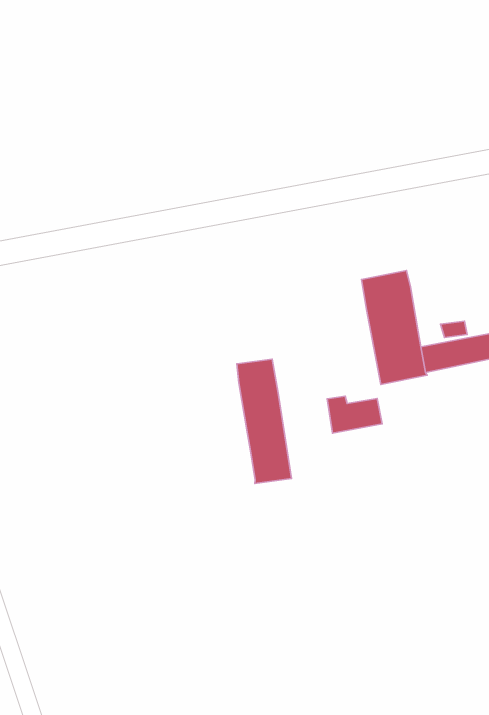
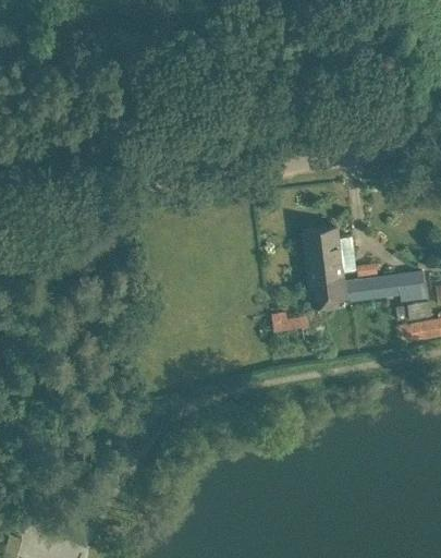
building: [237,359,291,484] -> none

